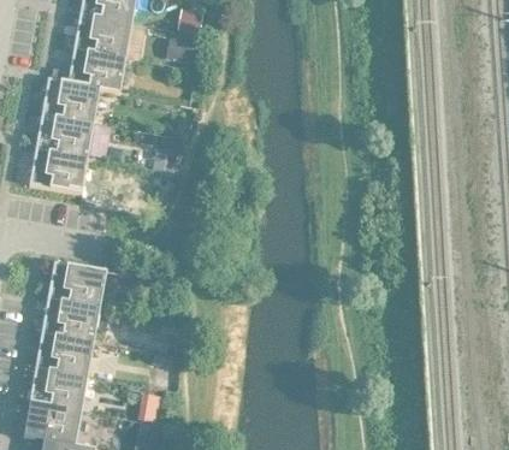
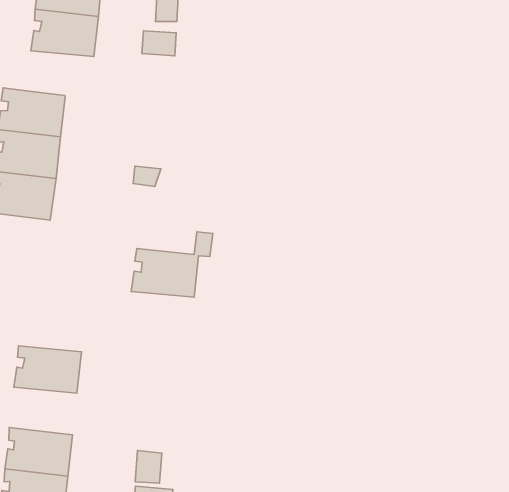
building: [67,46,126,90] -> none
building: [47,248,119,303] -> [131,232,213,297]
building: [35,330,94,373] -> none

